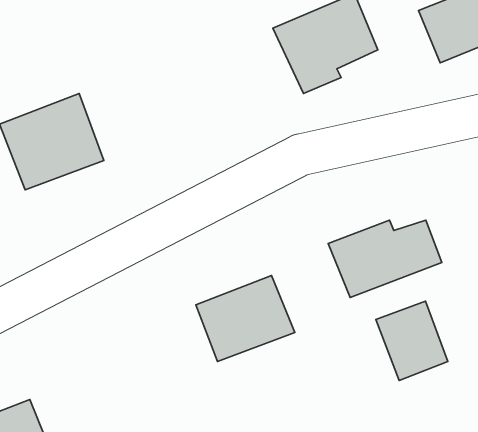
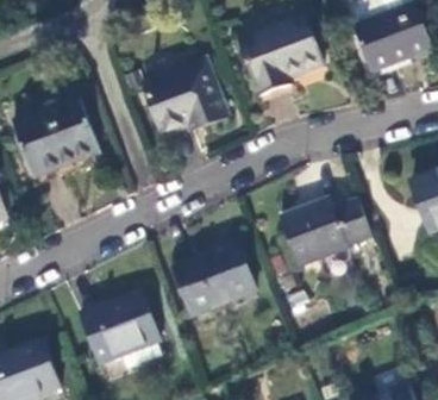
building: none -> [146,63,220,136]
building: [376,301,448,380] -> none
building: none -> [80,295,155,368]

